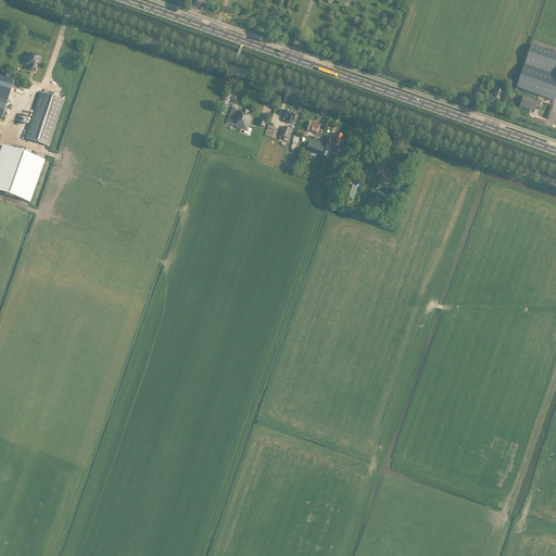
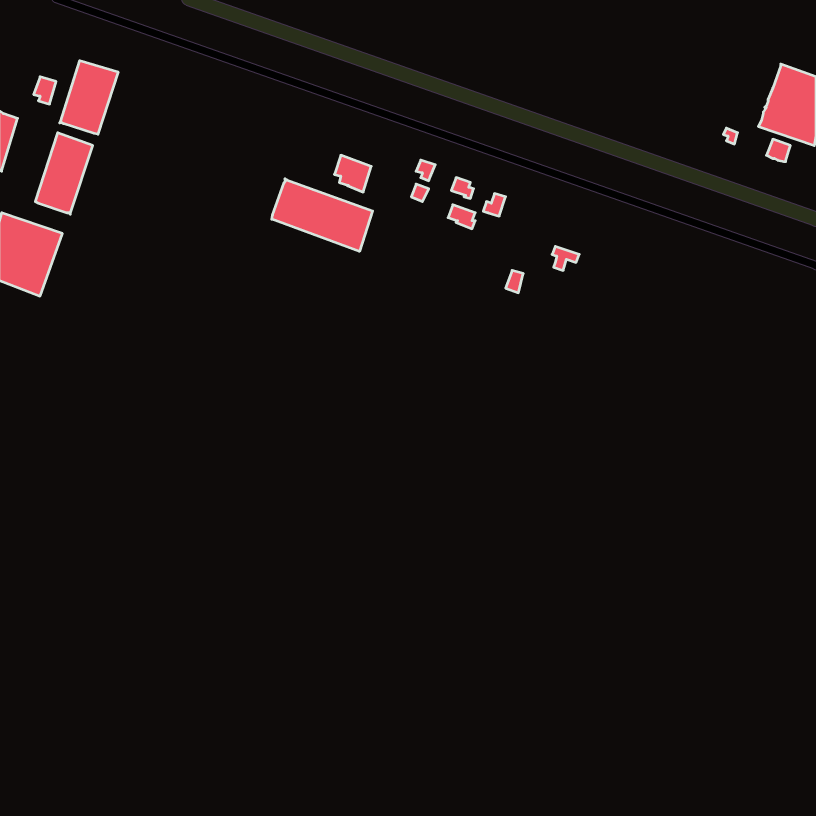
building: none -> [60,61,118,134]
building: none -> [272,179,373,251]

